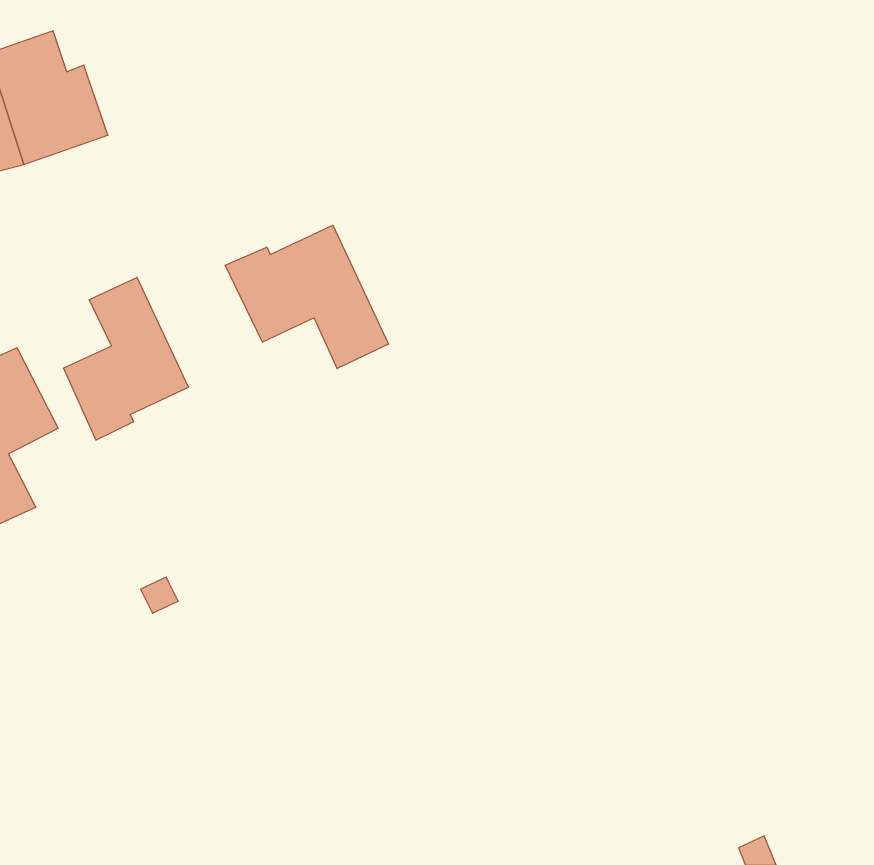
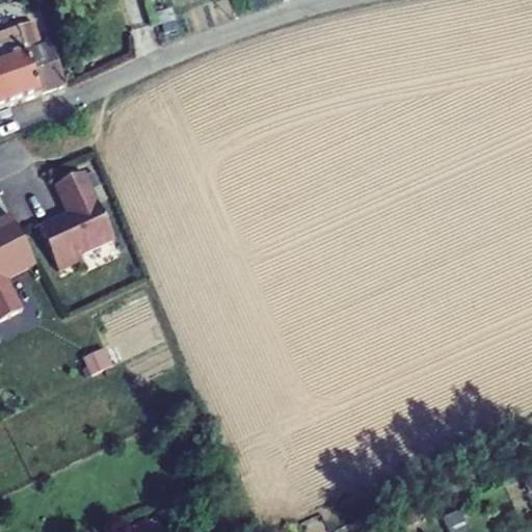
building: [225,225,389,369] -> none

